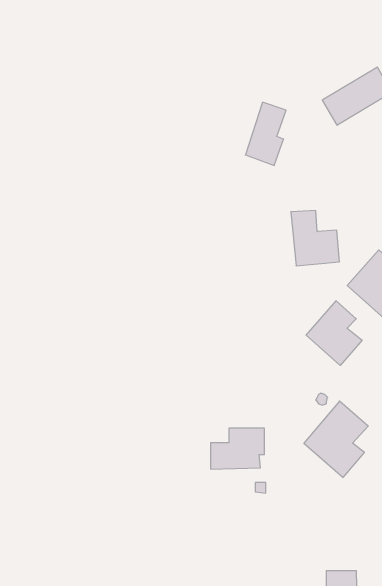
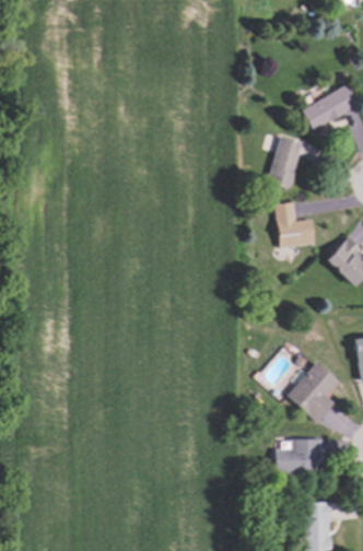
building: [245,102,286,165] -> [267,138,301,190]
building: [306,301,362,365] -> none
building: [211,428,264,469] -> [277,437,321,471]

